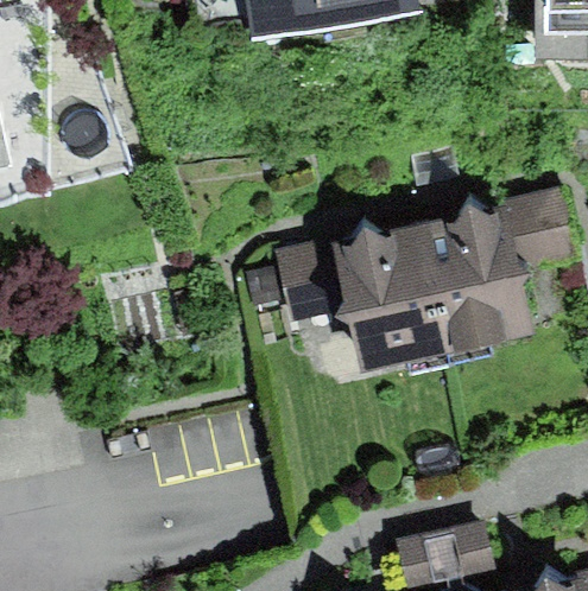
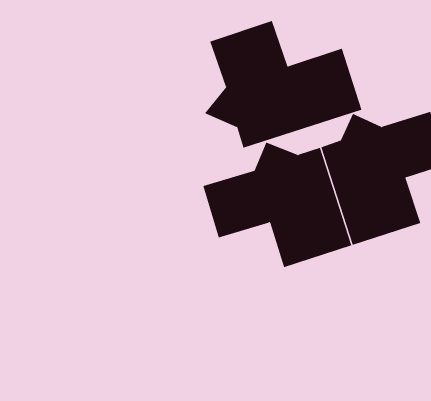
building: none -> [204,20,362,148]

